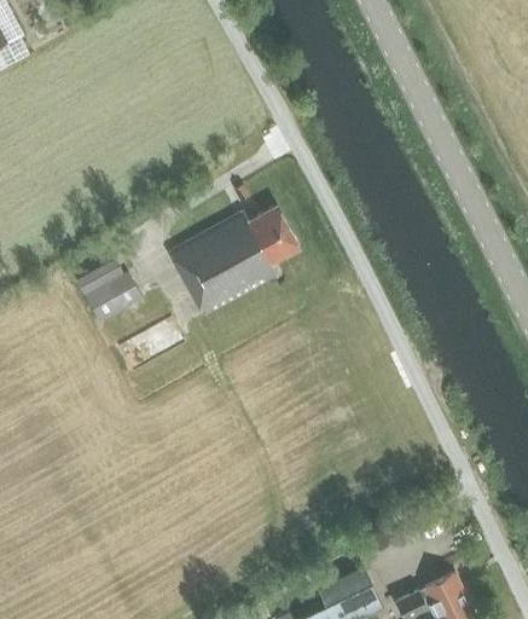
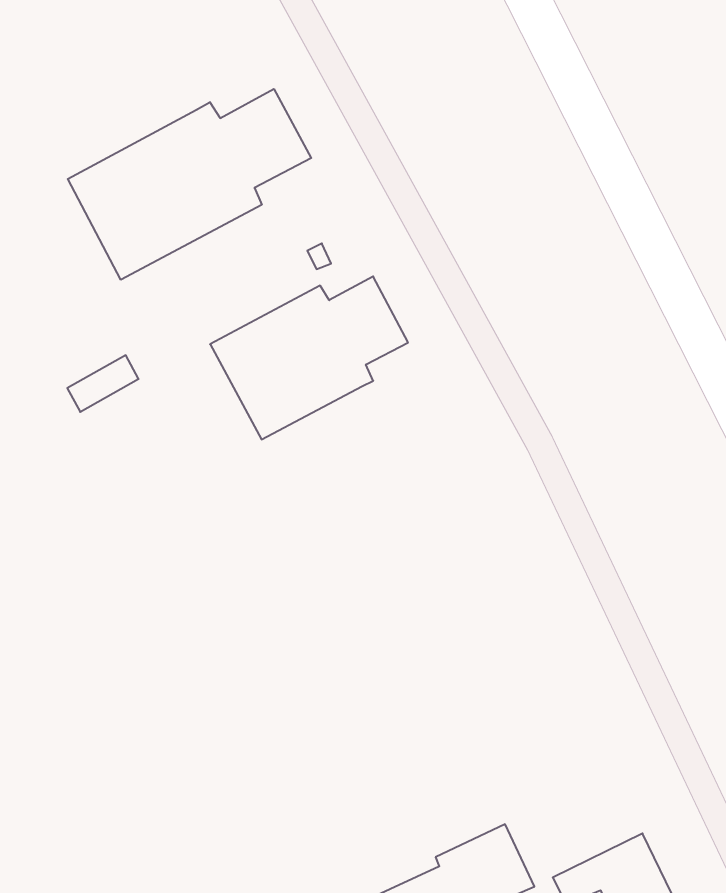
building: none -> [68,89,311,280]
building: [85,272,141,322] -> none

